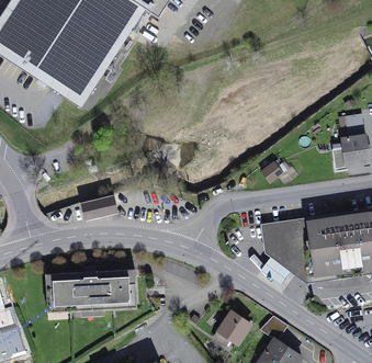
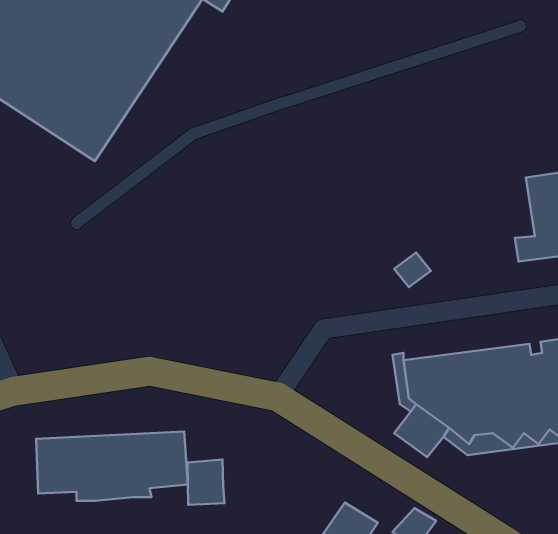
building: [82,195,116,217] -> none
building: none -> [188,460,225,505]

